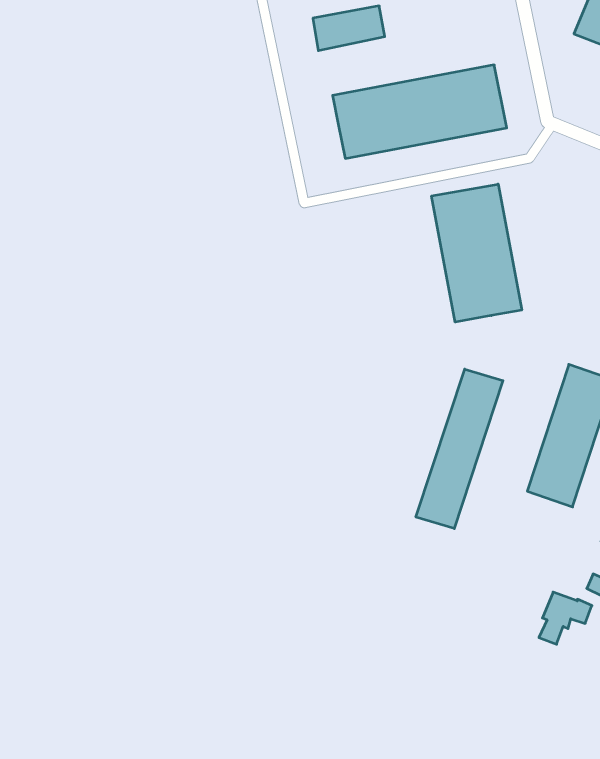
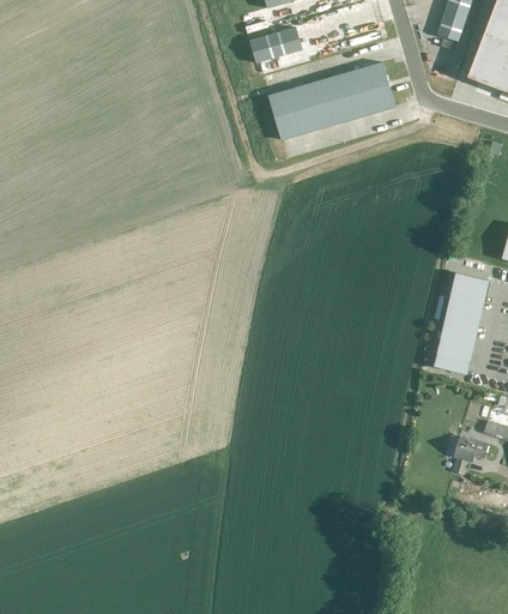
building: [432,184,522,322] -> none
building: [416,369,503,529] -> none

